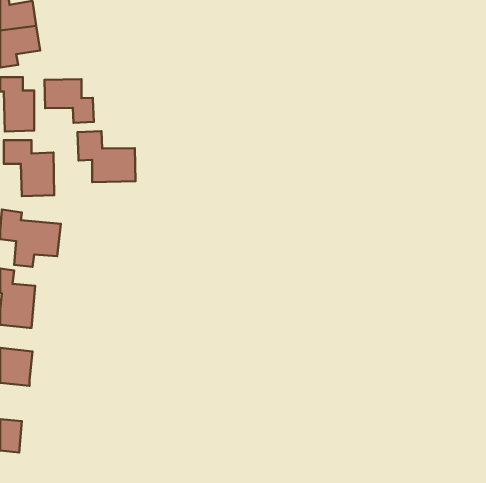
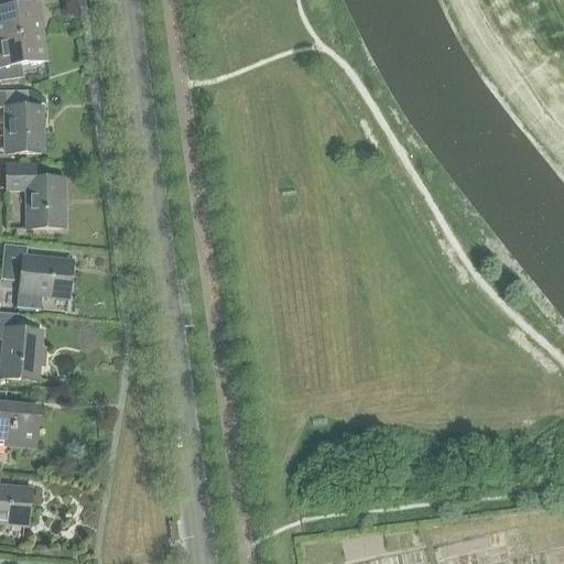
building: [45,79,94,123] -> none
building: [77,131,135,182] -> none

